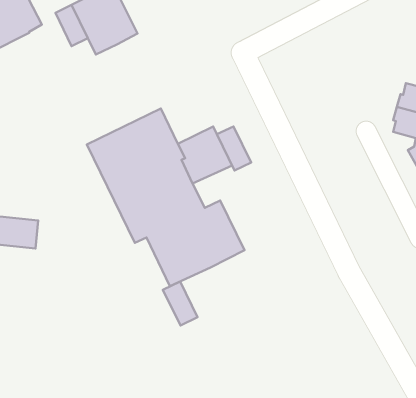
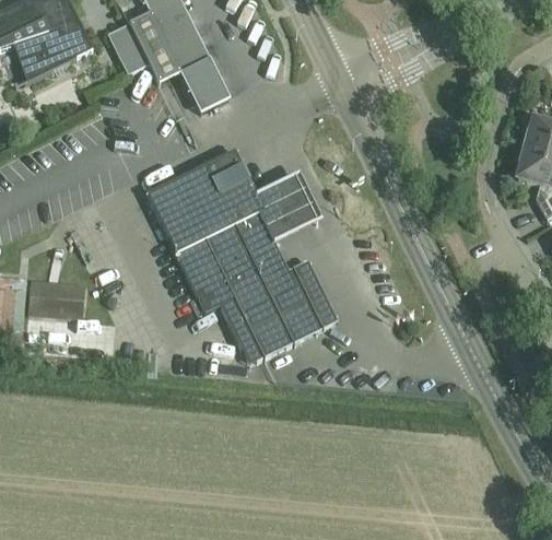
building: none -> [183,58,226,108]
building: [217,126,251,170] -> none
building: [163,282,198,325] -> none

